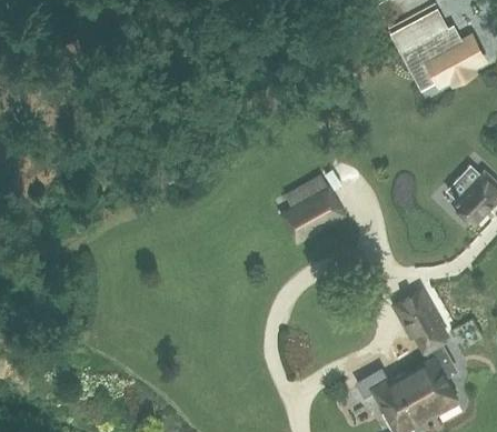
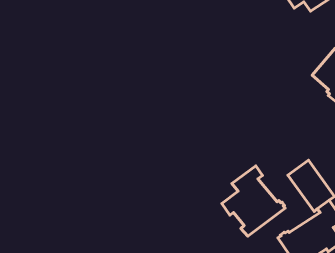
building: [280,174,349,245] -> none
building: none -> [222,166,285,236]

